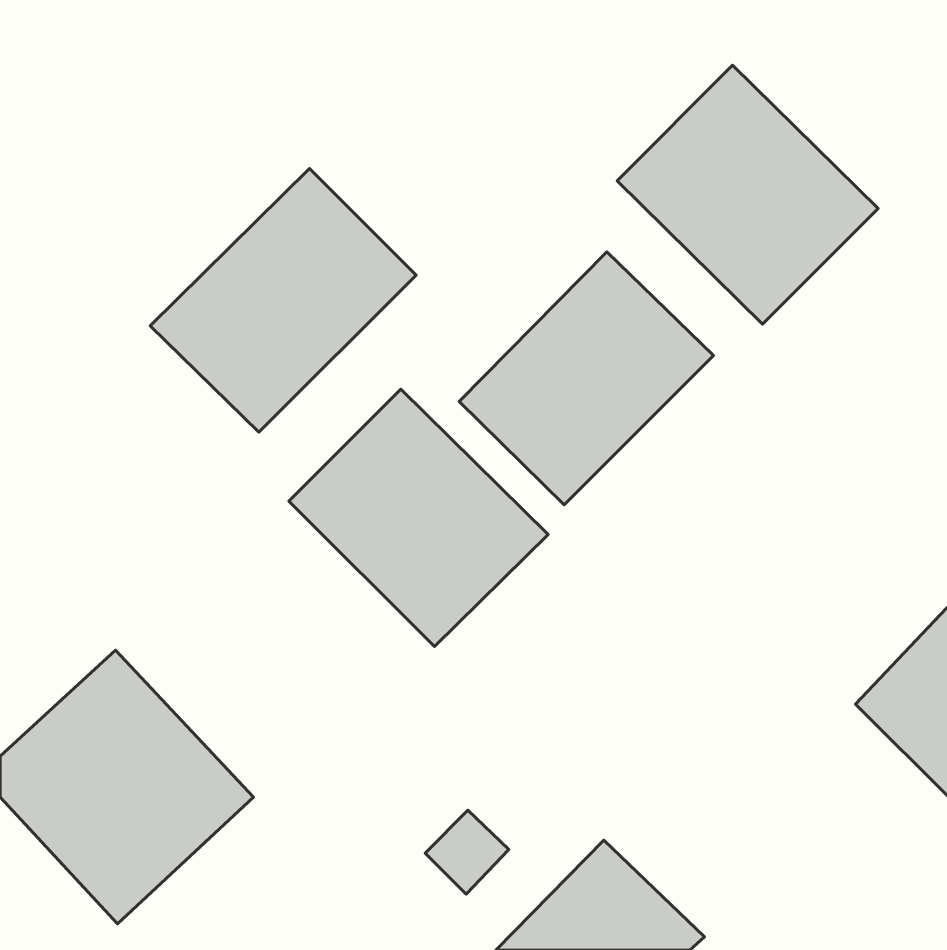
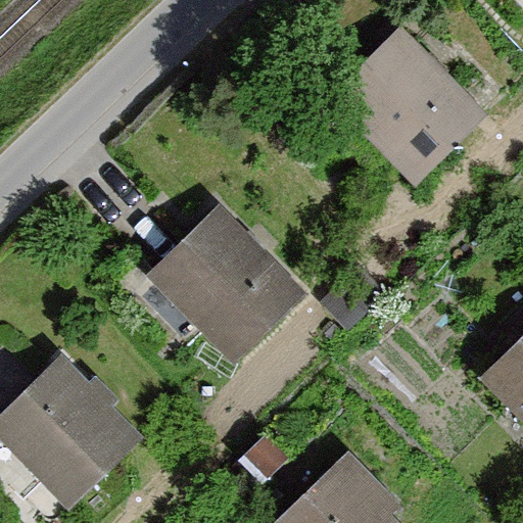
building: [150,168,416,432] -> none
building: [459,252,714,505] -> none

